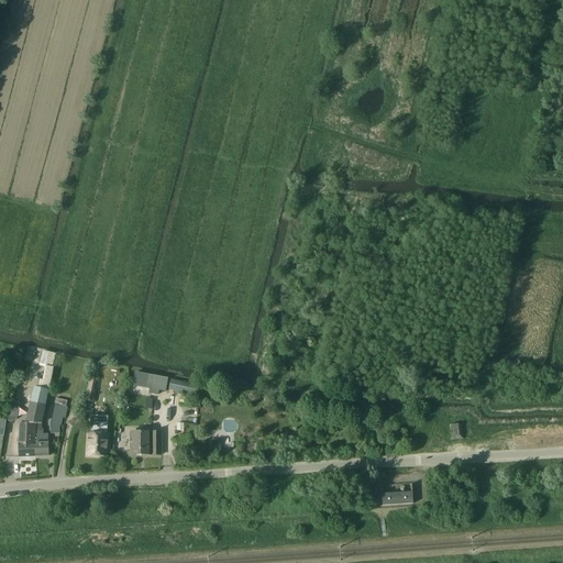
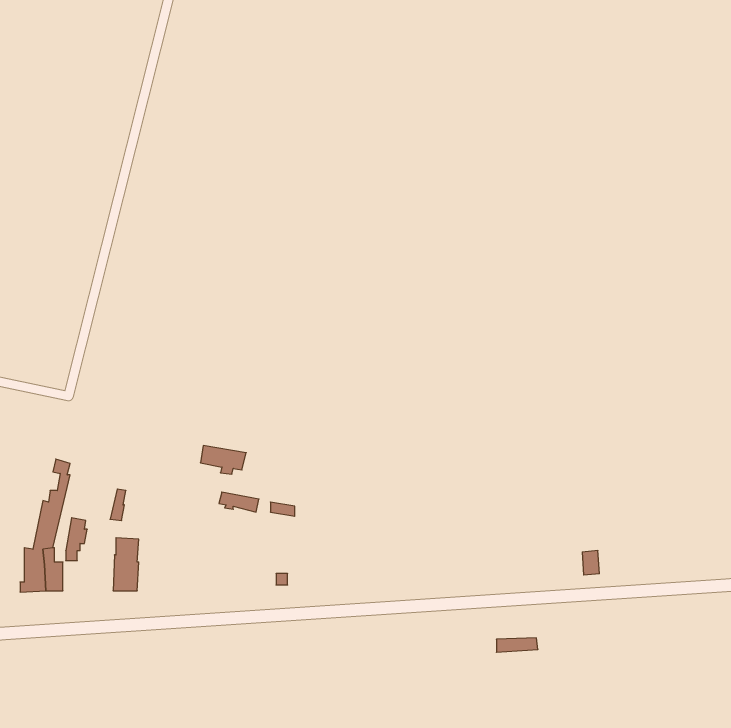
building: [133,371,168,393] -> [200,446,246,474]
building: [130,430,162,453] -> none

